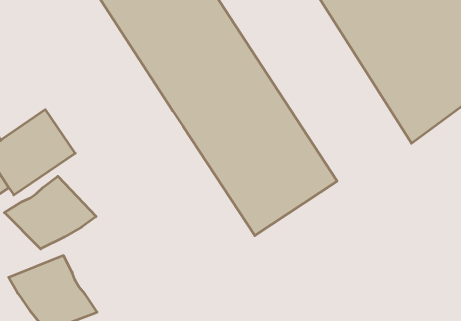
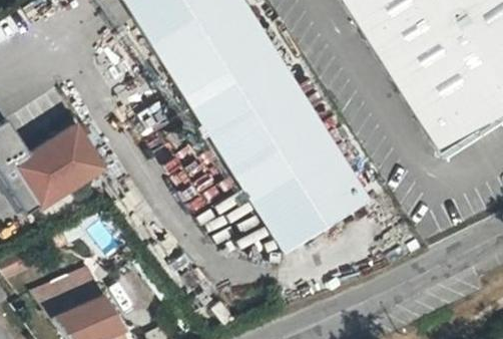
building: [4,176,96,249] -> none

